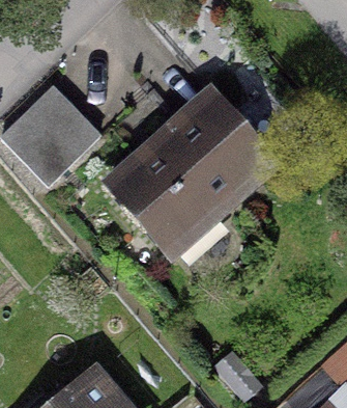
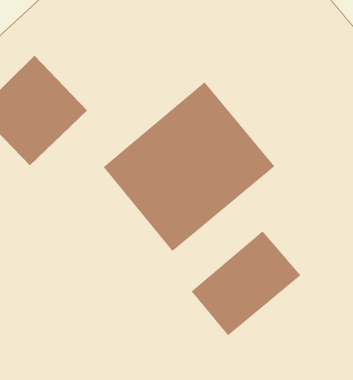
building: none -> [191,230,301,336]

